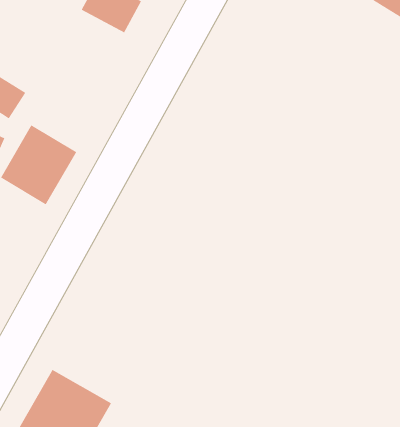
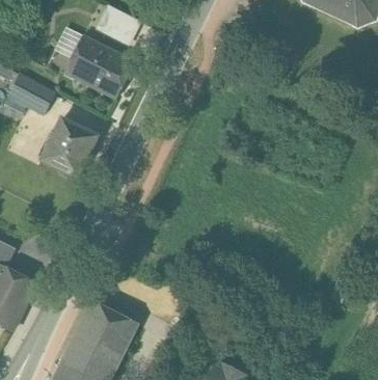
building: none -> [63,33,135,100]

